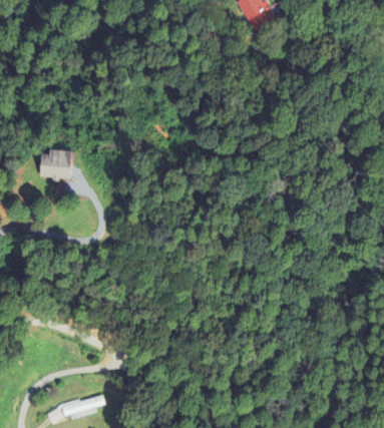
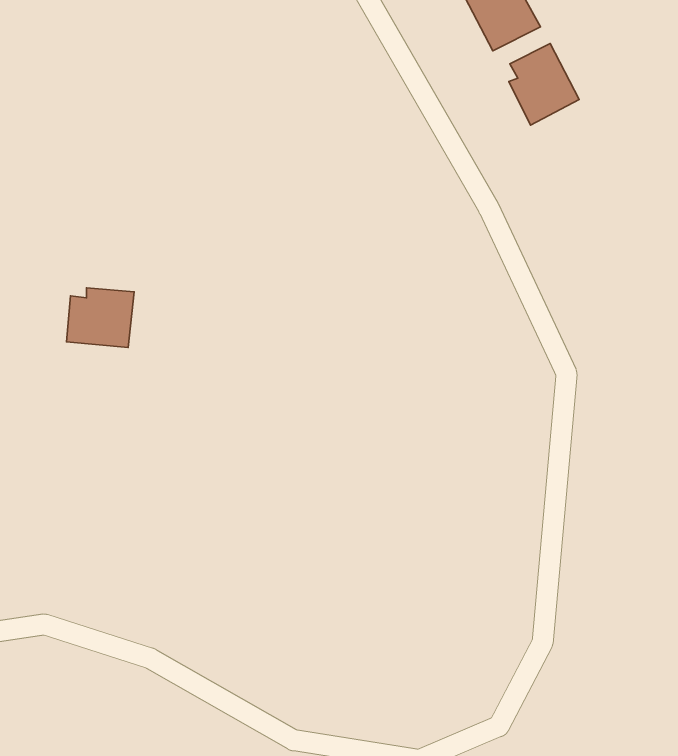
building: none -> [509,43,579,125]

